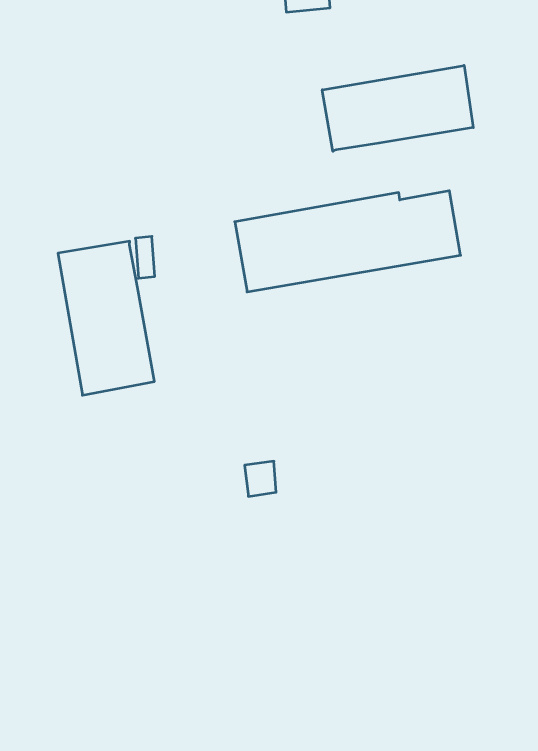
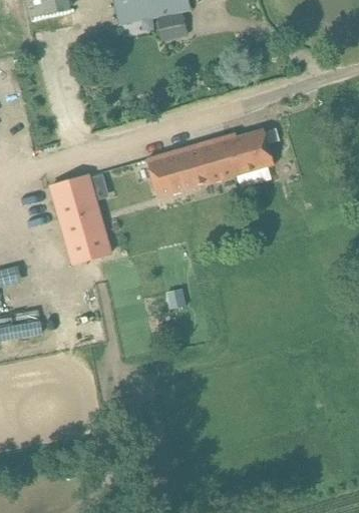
building: [322,65,473,151] -> none

